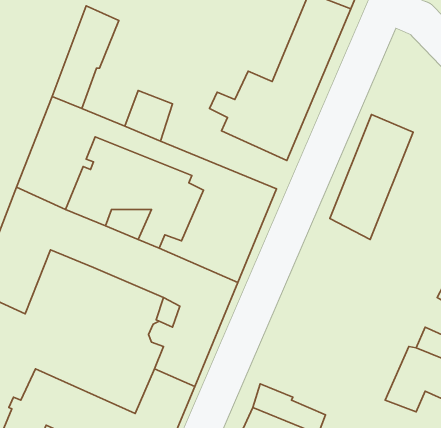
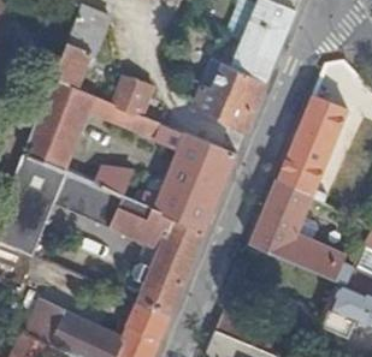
building: none -> [250,179,355,284]

